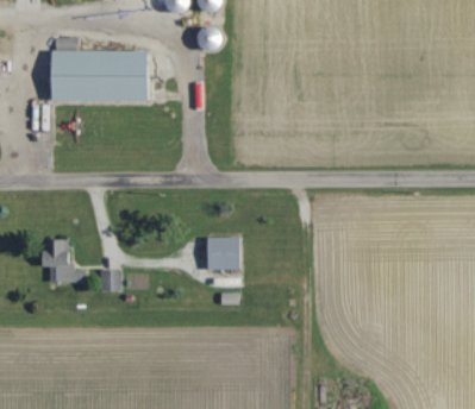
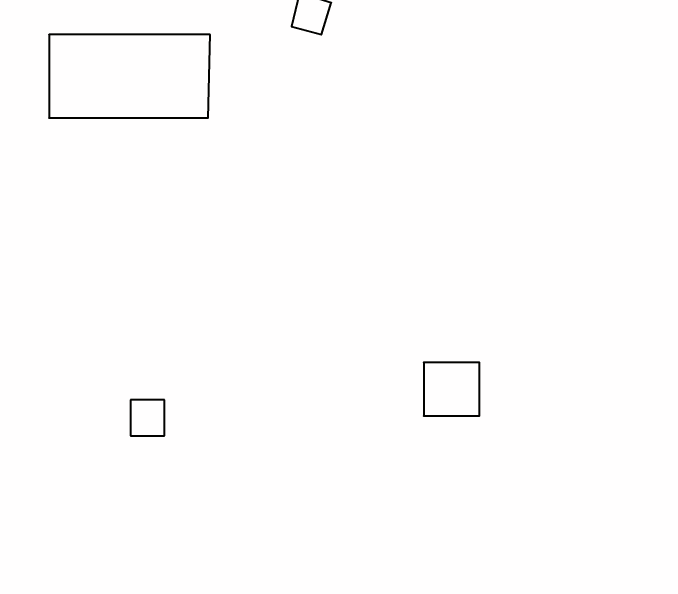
building: [207,238,240,270] -> [424,362,479,416]
building: [43,239,86,282] -> none

